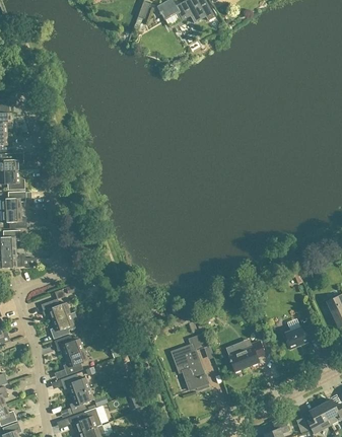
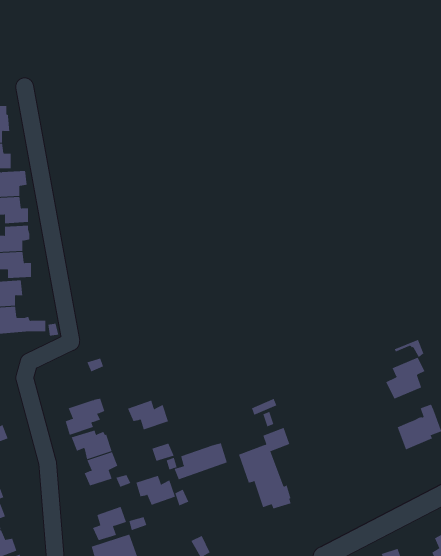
building: none -> [385,357,425,399]
building: [40,298,69,319] -> [127,400,169,430]
building: [227,341,264,371] -> none
building: none -> [174,443,228,480]
building: [60,373,88,394] -> [135,475,176,505]

